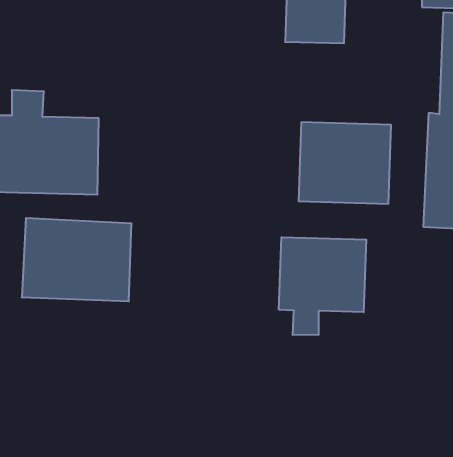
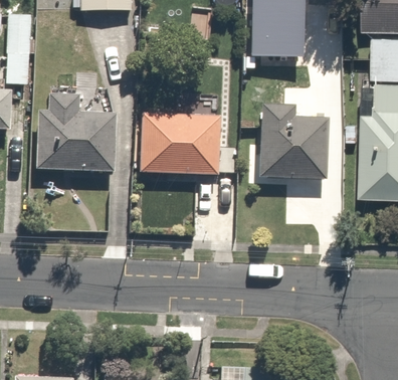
building: [22,218,132,301] -> [136,112,218,174]
building: [279,237,366,335] -> none

